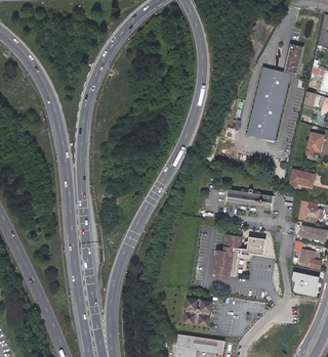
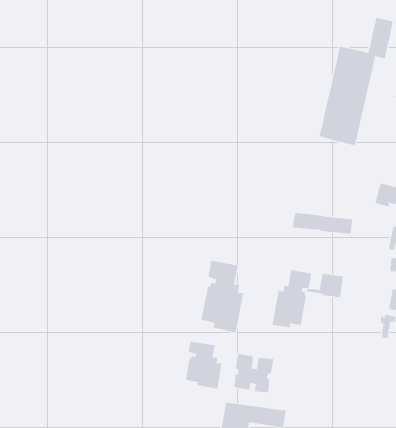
building: none -> [201,260,244,333]
building: none -> [185,341,222,389]

